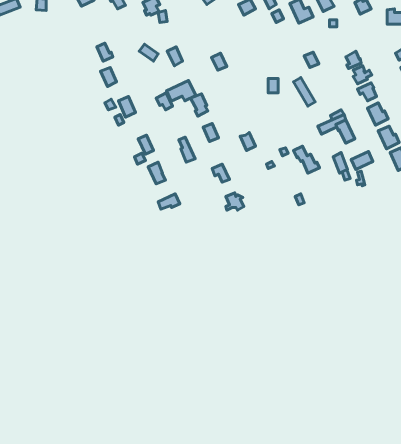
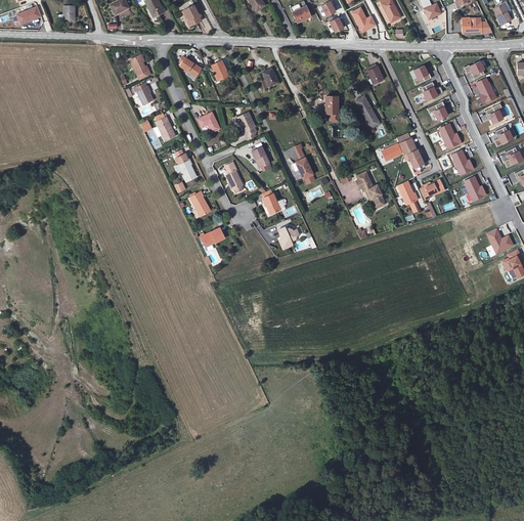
building: [166,81,196,101] -> none

